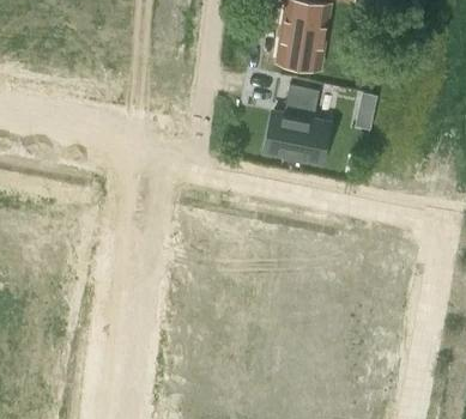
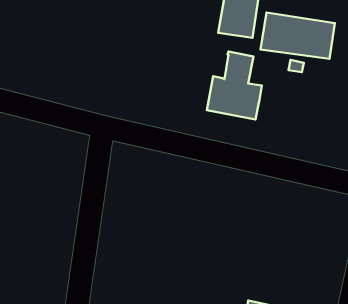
building: none -> [261,13,335,59]

